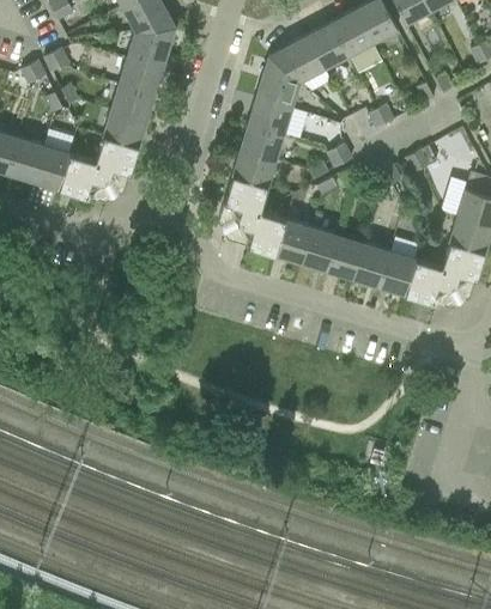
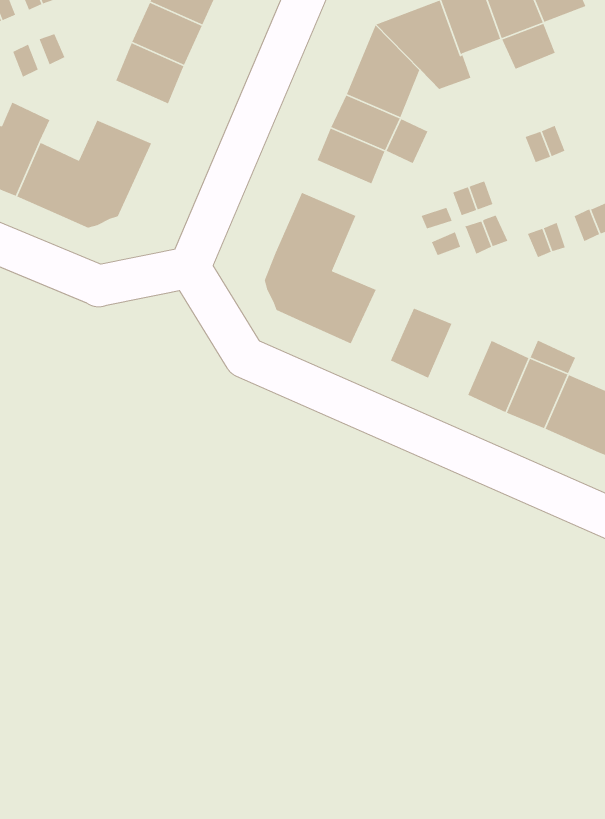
building: [103,110,146,146] -> none
building: [235,145,278,176] -> none
building: [277,220,313,263] -> none
building: [327,236,363,279] -> none

